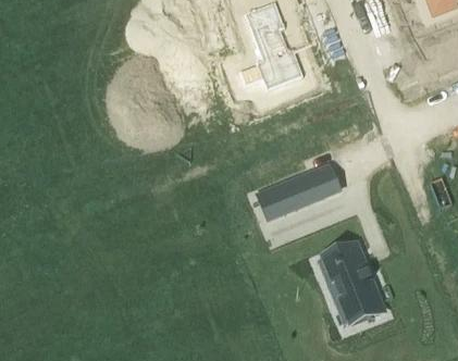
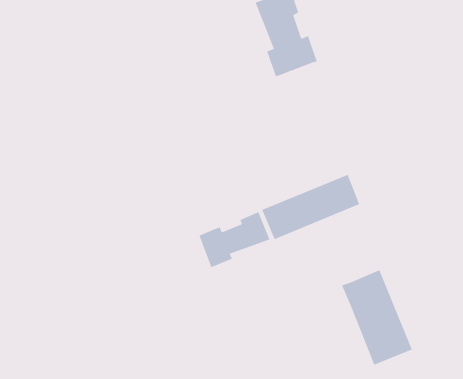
building: none -> [198,211,270,268]

